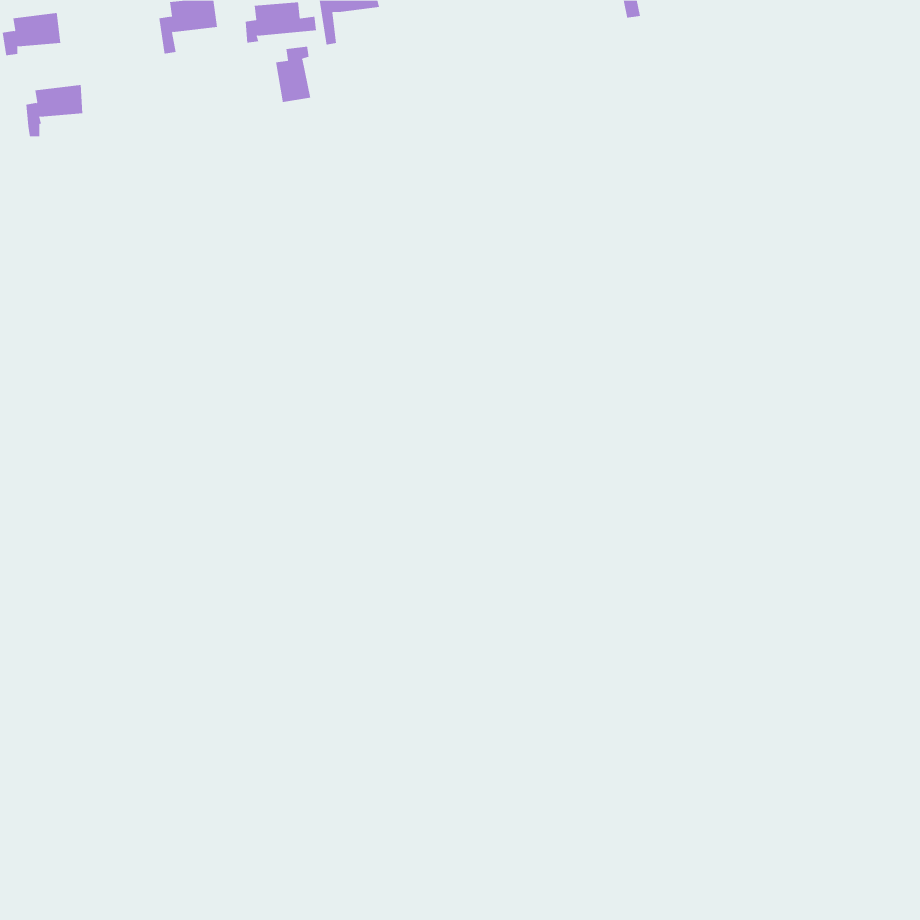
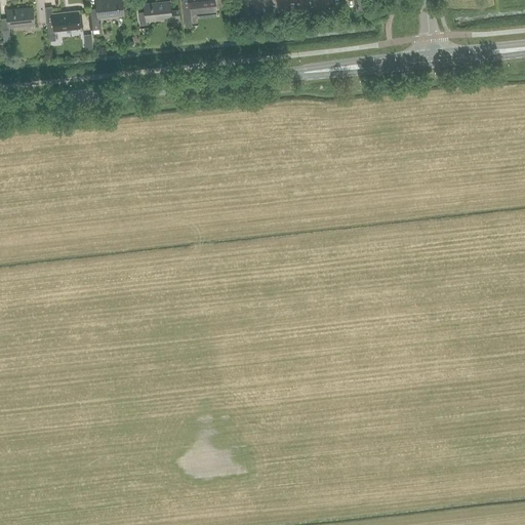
building: [276,46,311,103] -> none
building: [26,85,83,137] -> [47,11,80,41]

